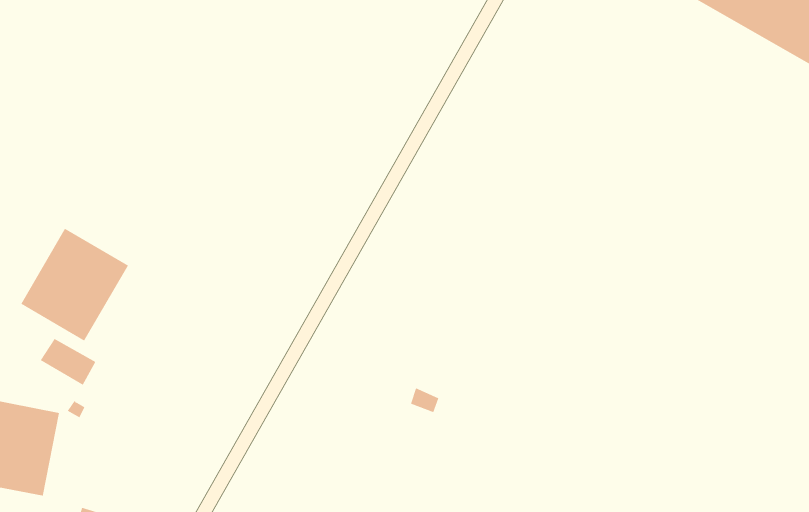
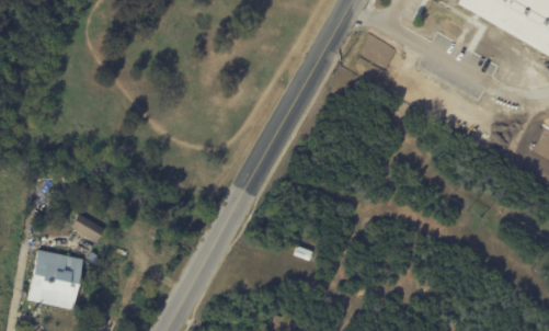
building: [20,228,129,341] -> none

